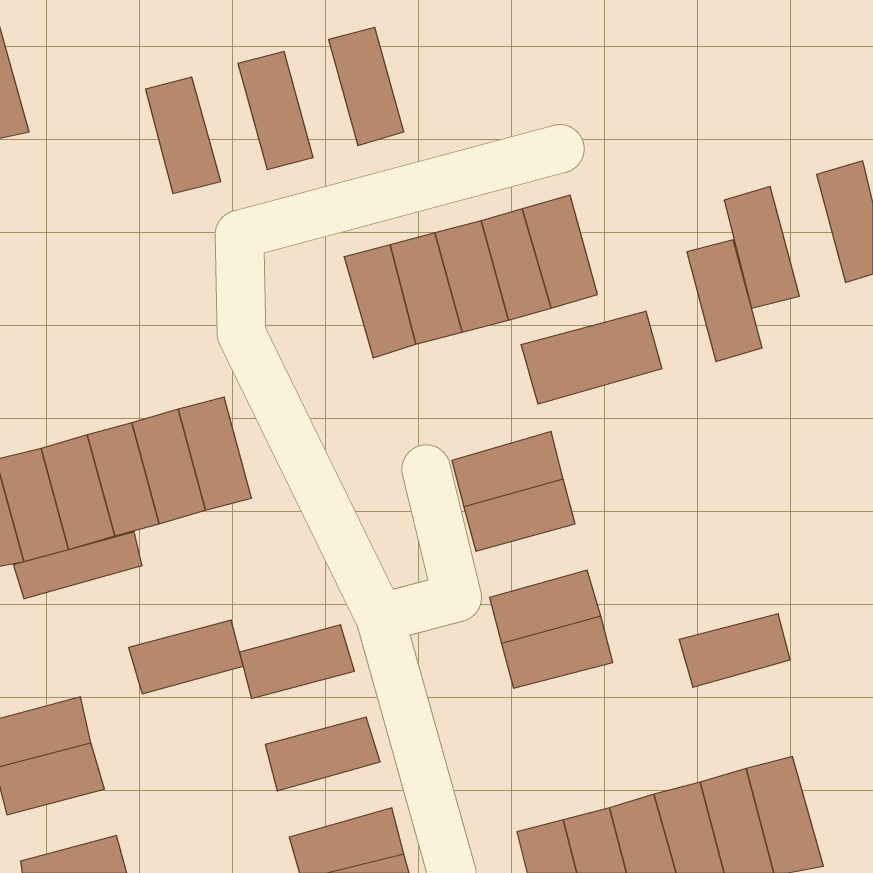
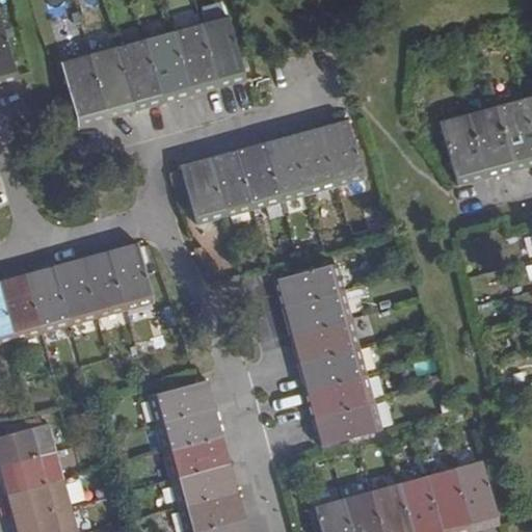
building: none -> [172,24,217,96]
building: none -> [116,38,162,110]
building: none -> [62,54,105,126]
building: [687,240,762,361] -> [468,106,513,180]
building: none -> [181,156,227,224]
building: [521,311,662,404] -> none
building: none -> [289,318,356,363]
building: [14,532,142,599] -> none
building: [679,614,790,687] -> [312,402,379,447]
building: [129,620,243,694] -> [153,407,222,452]
building: none -> [168,462,238,508]
building: none -> [4,479,71,523]

